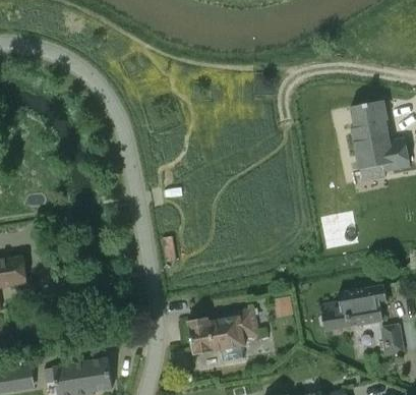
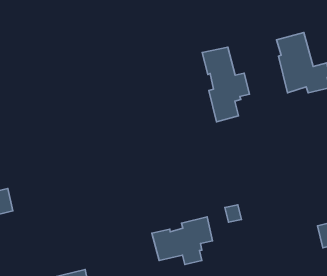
building: none -> [202,47,249,122]
building: [319,285,385,330] -> none

